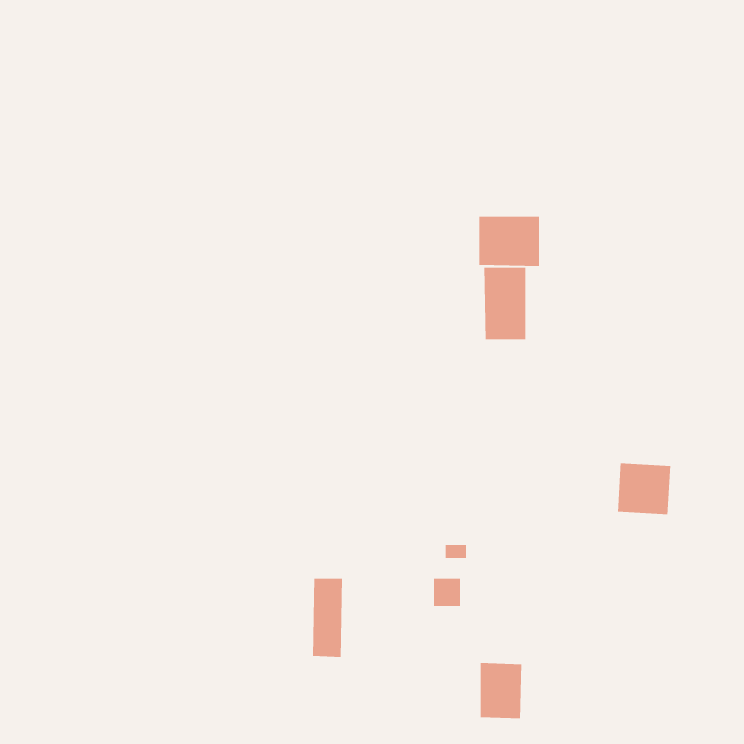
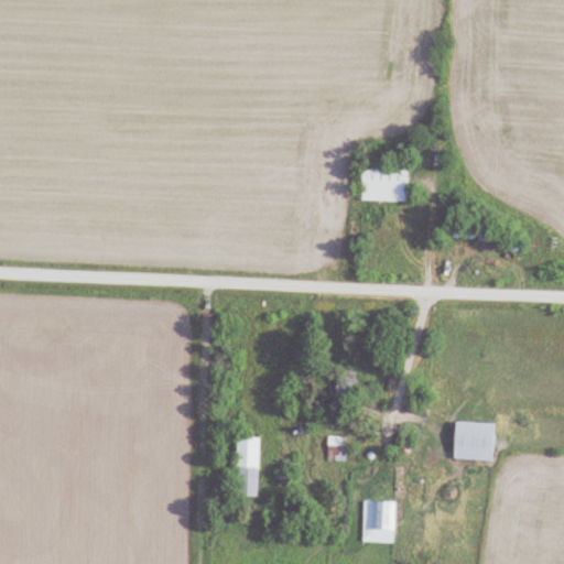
building: [484,267,526,340] -> none
building: [617,462,671,515] -> [453,421,494,460]

